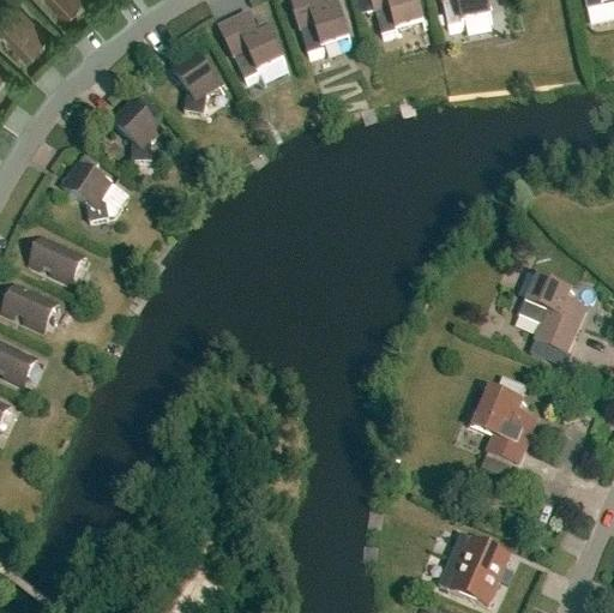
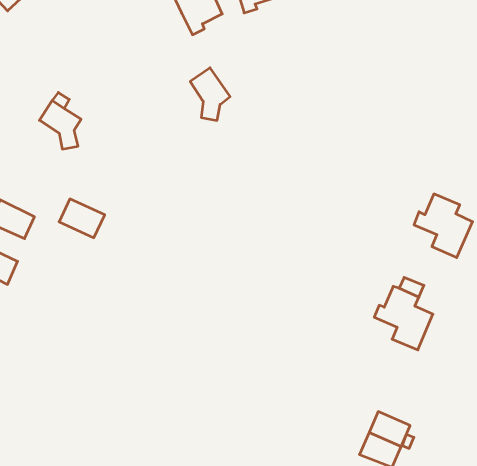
building: [170,49,218,113] -> [190,68,230,120]
building: [110,98,161,160] -> none
building: [28,234,83,281] -> [59,199,105,238]

